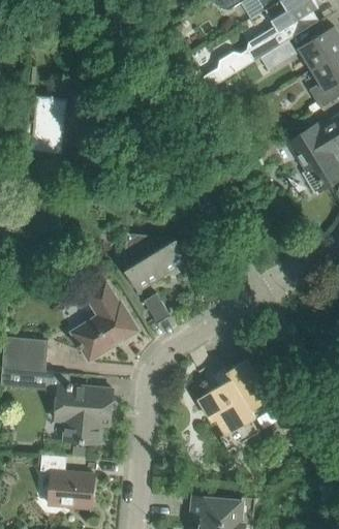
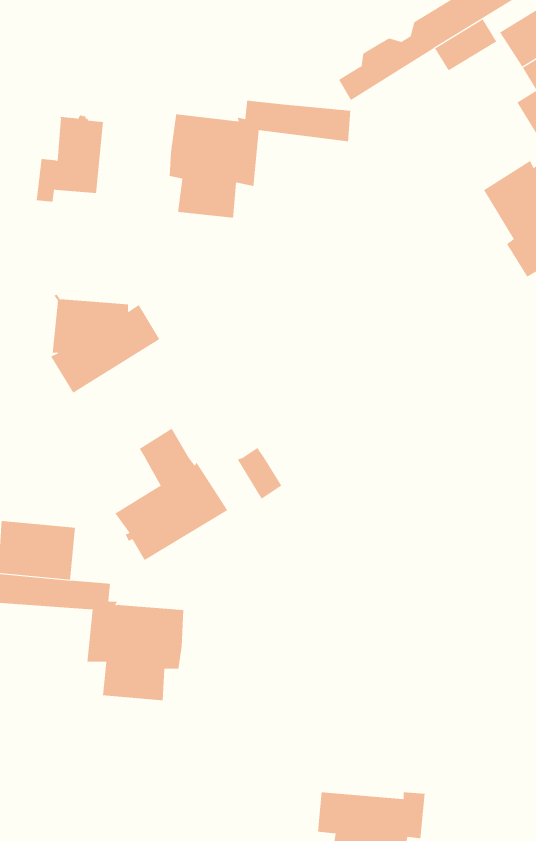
building: none -> [169,100,351,219]
building: [123,232,188,291] -> [50,294,160,393]
building: [196,360,271,453] -> none
building: [39,455,94,508] -> none

